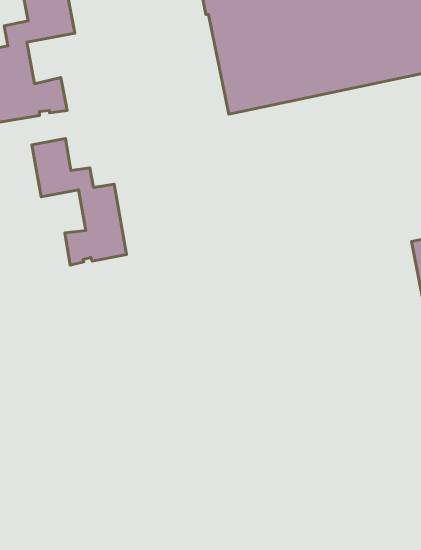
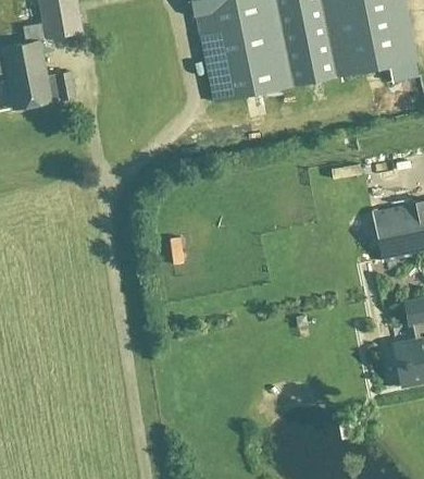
building: [32,139,126,265] -> none

